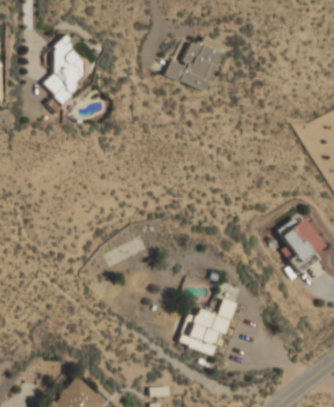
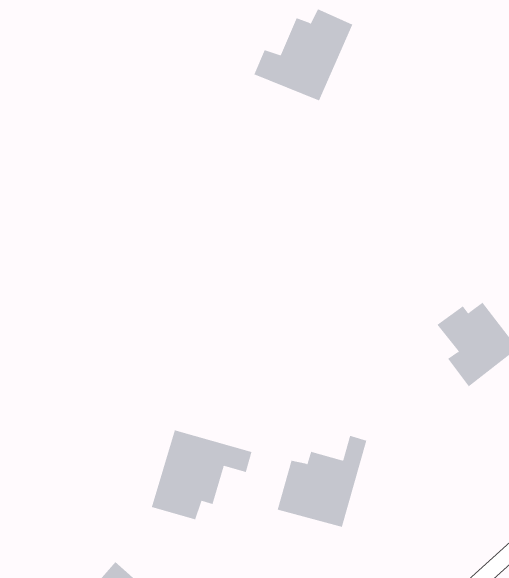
building: [43,37,93,102] -> none
building: none -> [151,429,252,520]

